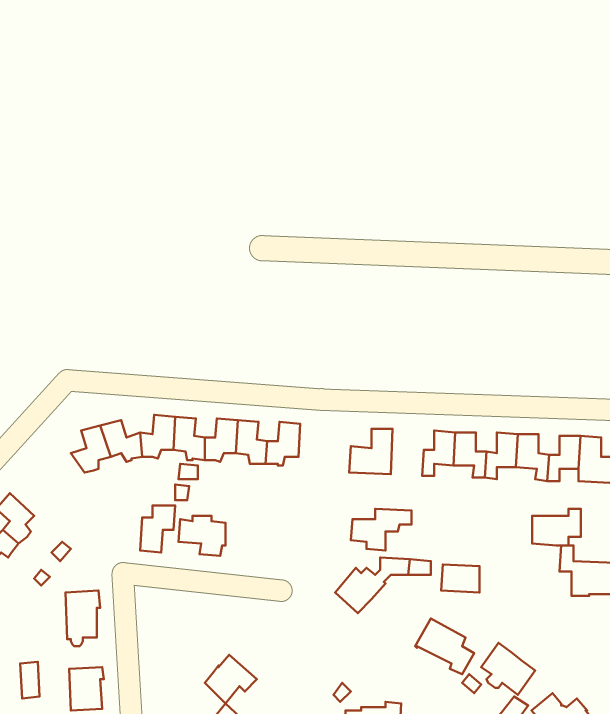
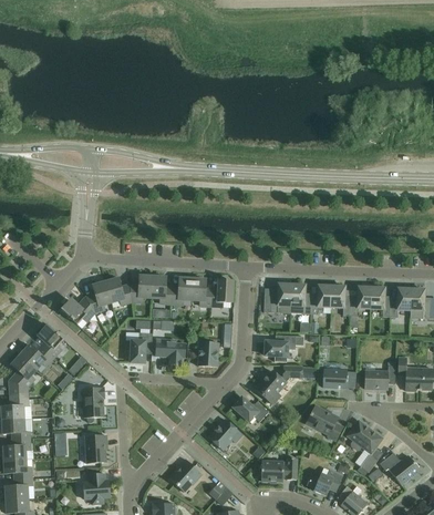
building: none -> [290,284,311,313]
building: none -> [61,299,95,323]
building: [532,509,581,545] -> [364,365,395,389]
building: none -> [198,341,218,367]
building: none -> [233,396,268,421]
building: [205,655,257,704] -> [209,419,242,450]

